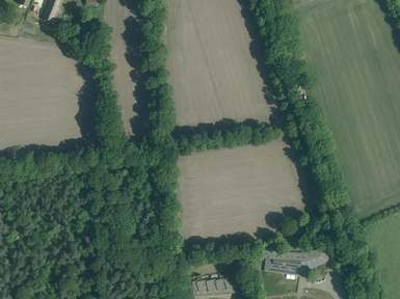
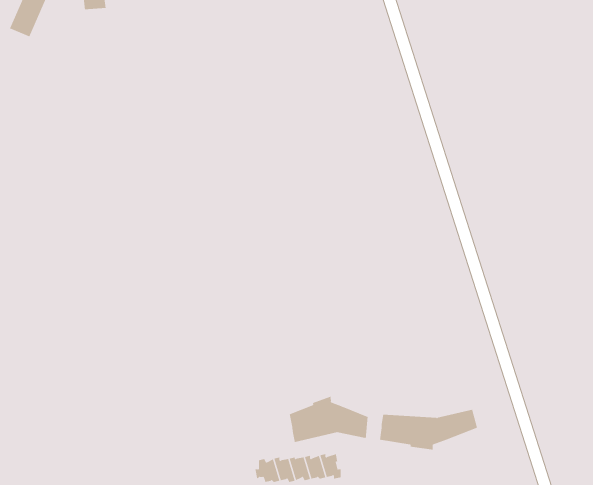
building: none -> [289,396,368,443]

